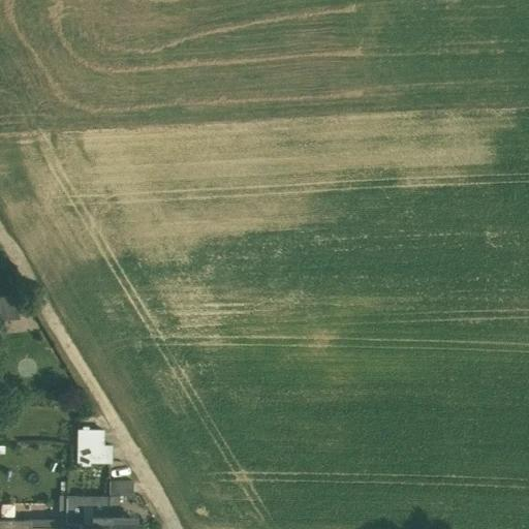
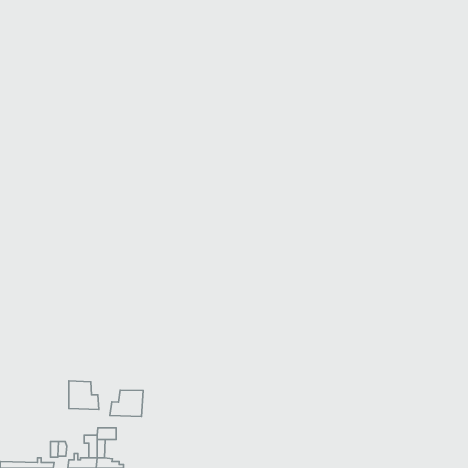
building: none -> [110,390,143,417]

